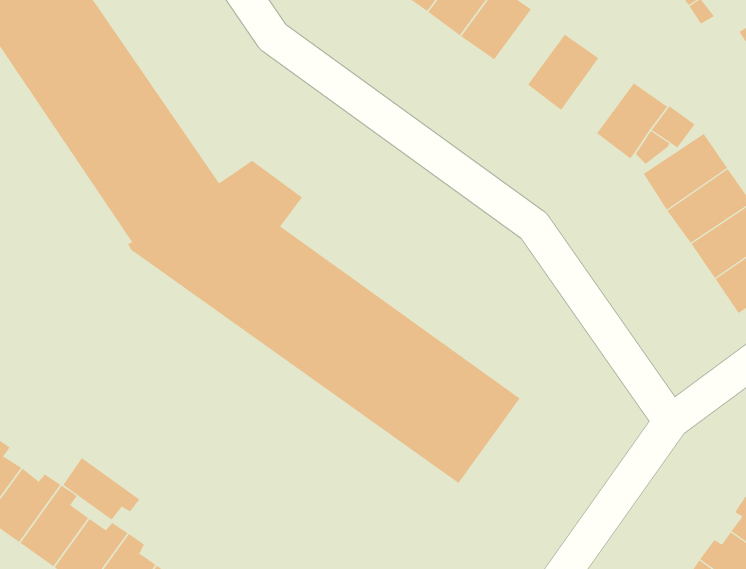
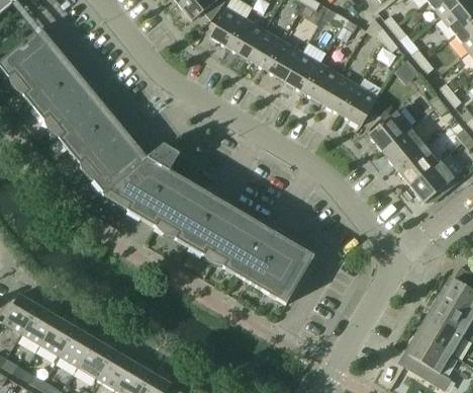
building: none -> [284,52,319,91]
building: none -> [321,74,358,113]
building: [63,457,140,520] -> none

